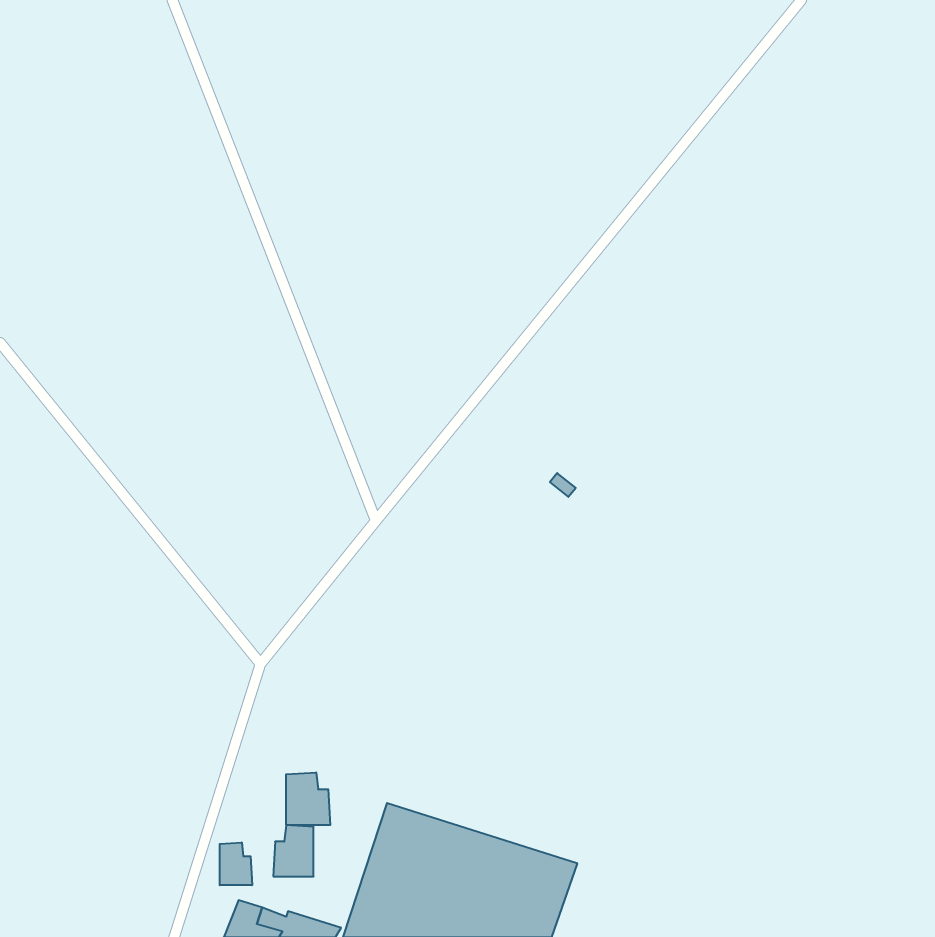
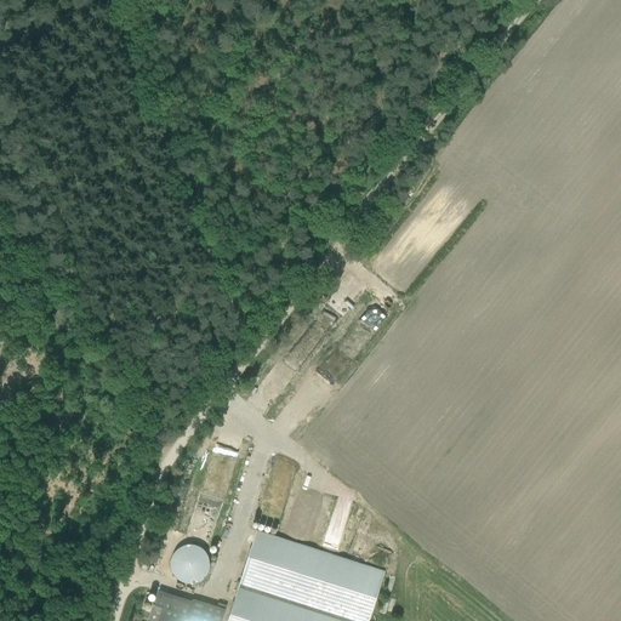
building: [286,772,330,825] -> none
building: [220,842,252,885] -> none

